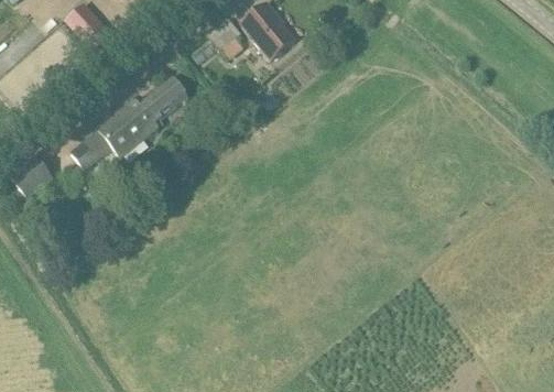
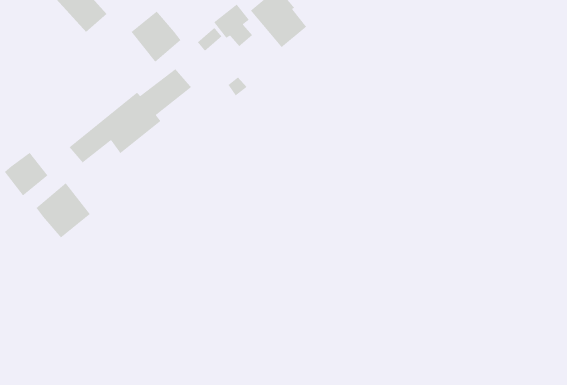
building: none -> [130,11,182,63]
building: none -> [35,182,91,238]

